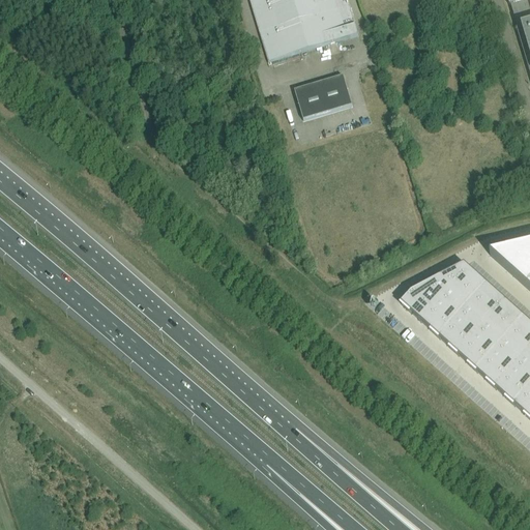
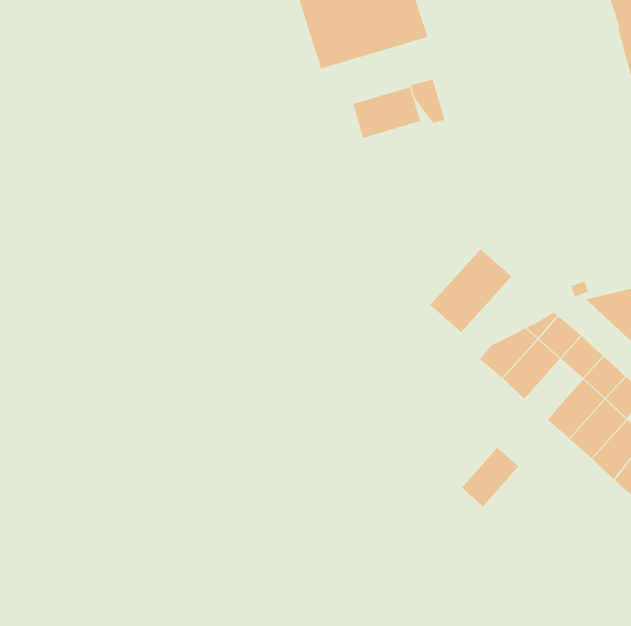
building: none -> [410,79,445,124]
building: none -> [429,248,512,333]
building: [440,300,489,351] -> [461,447,519,507]

